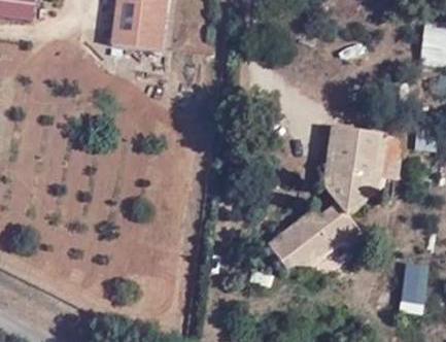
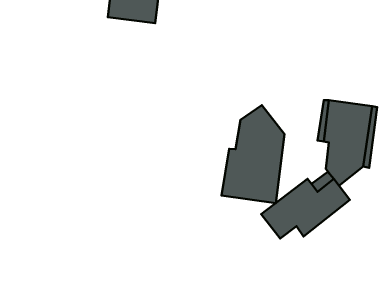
building: none -> [222,105,285,203]

